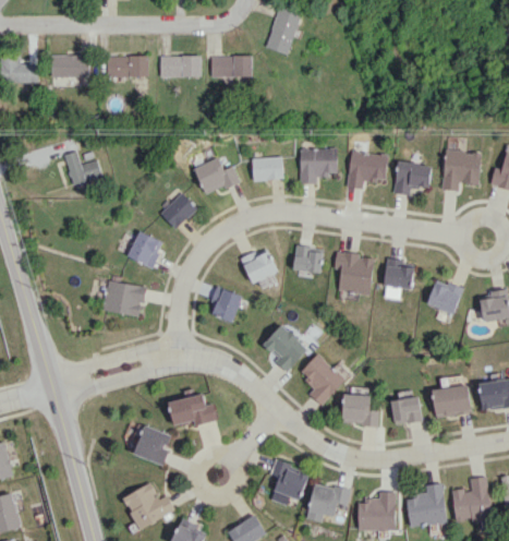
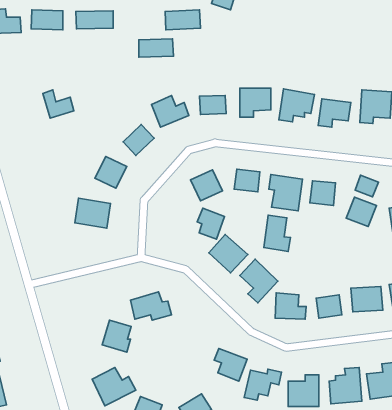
building: [160,56,202,77] -> [139,39,173,57]
building: none -> [355,175,379,197]
building: [210,286,243,323] -> [197,208,225,239]
building: none -> [264,215,290,251]

